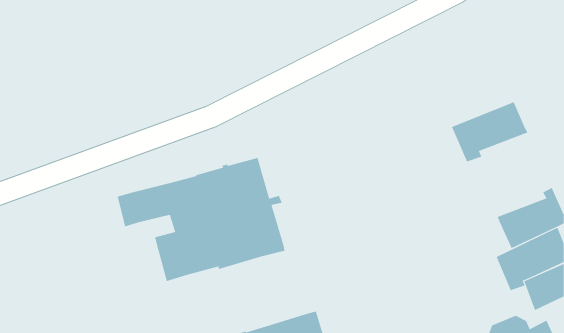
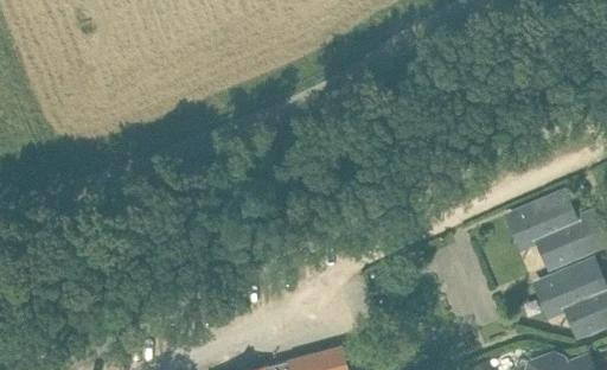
building: [451,101,529,162] -> [503,191,586,256]
building: [117,157,285,282] -> none

